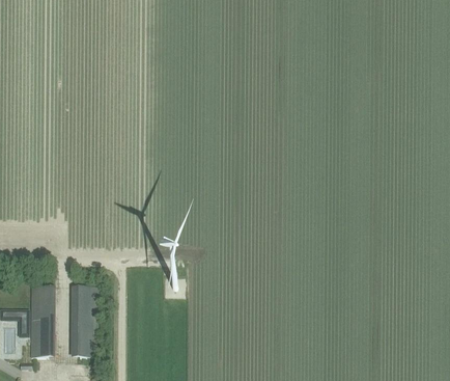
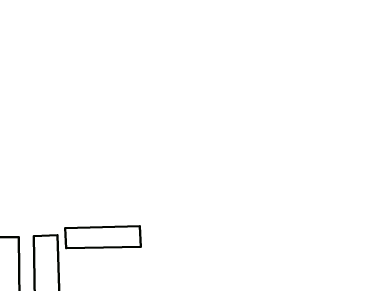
building: none -> [65,226,141,248]

